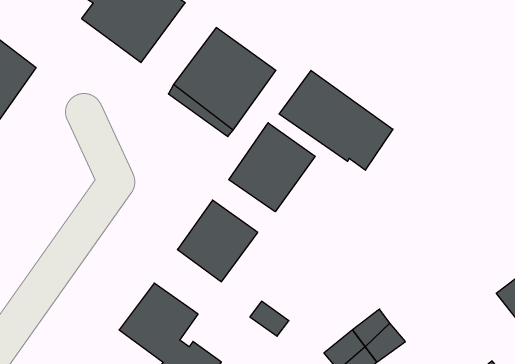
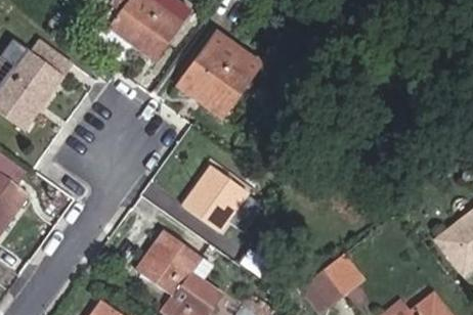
building: [279,70,393,170] -> none
building: [229,123,315,212] -> none

